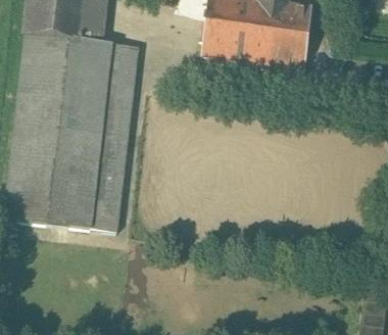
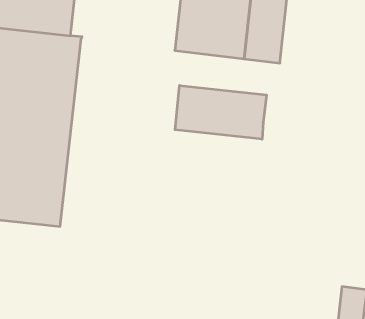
building: [91,46,139,231] -> none
building: none -> [175,85,266,139]

